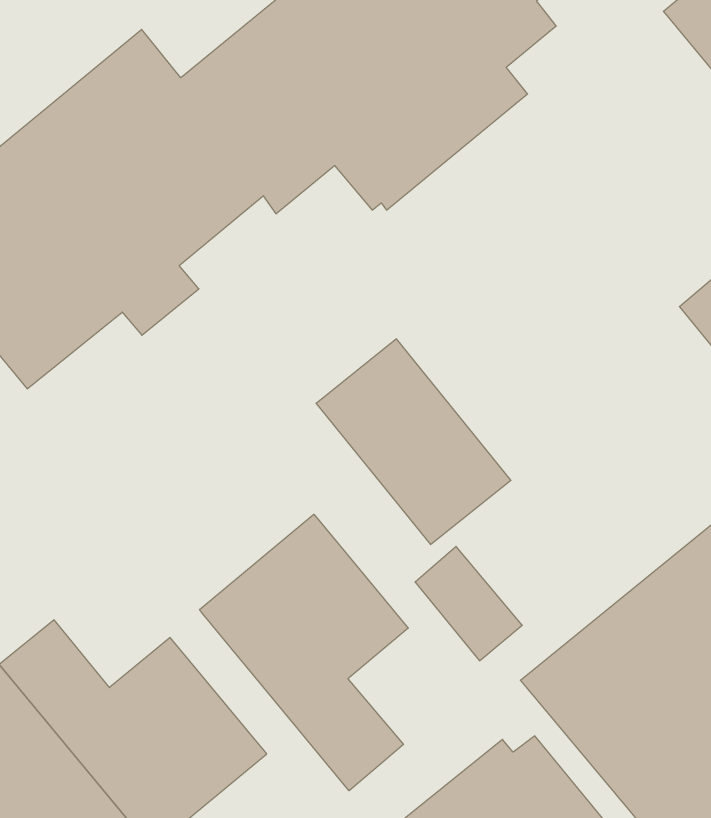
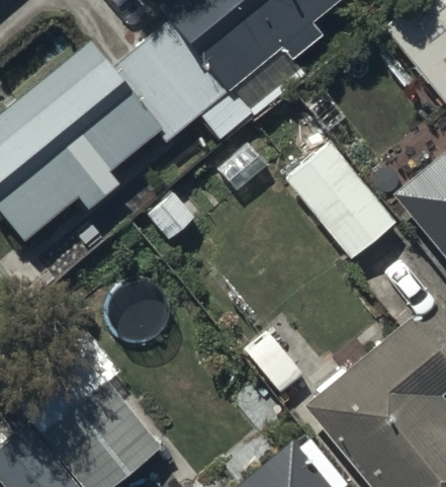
building: [316,339,511,545] -> [287,144,397,260]
building: [200,514,408,791] -> none

